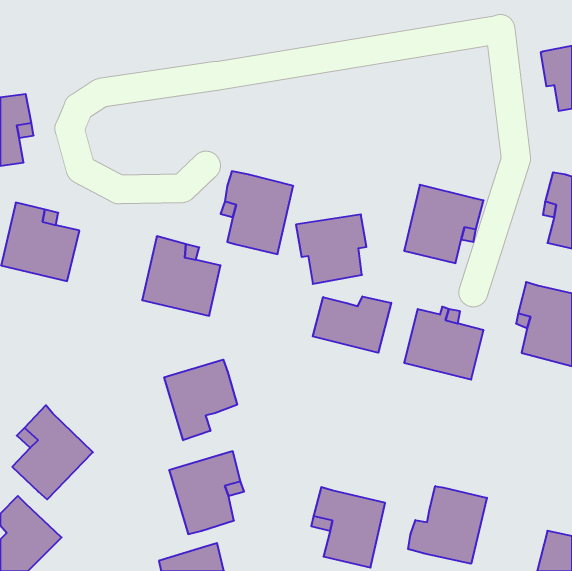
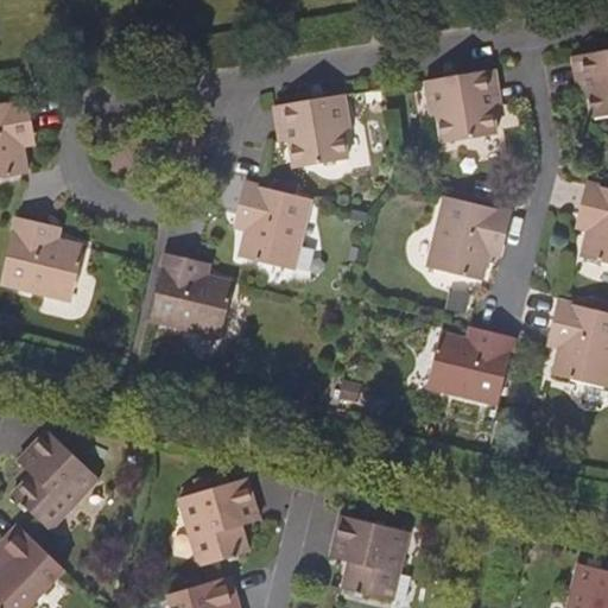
building: none -> [423,69,500,144]
building: [296,214,366,284] -> [276,95,350,169]
building: [313,296,391,353] -> none
building: [164,360,237,440] -> none
building: [408,486,487,564] -> none

